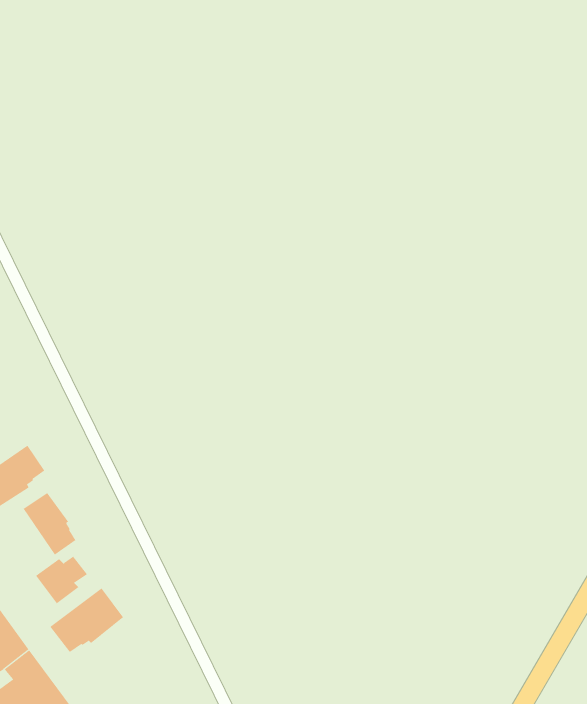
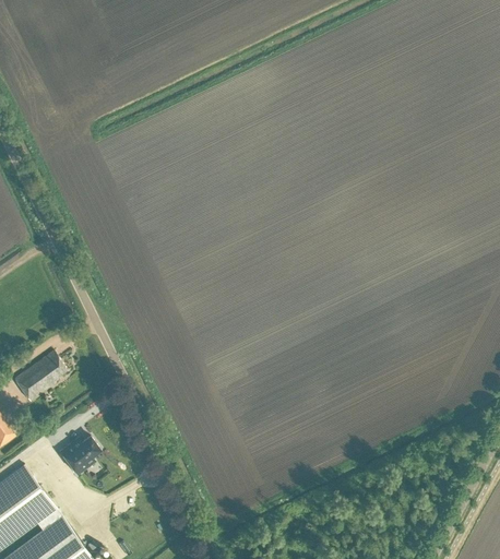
building: [23,492,76,556] -> none
building: [50,587,124,653] -> none

